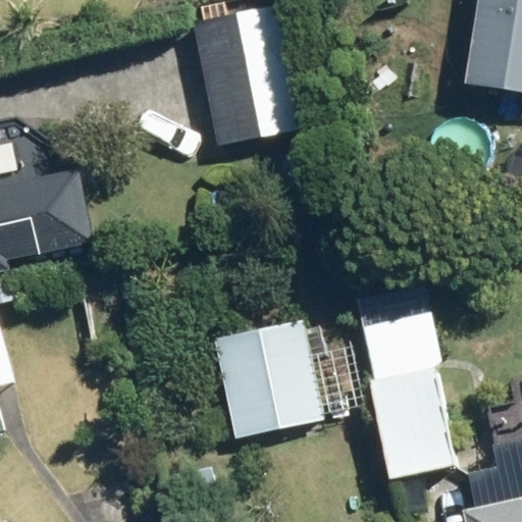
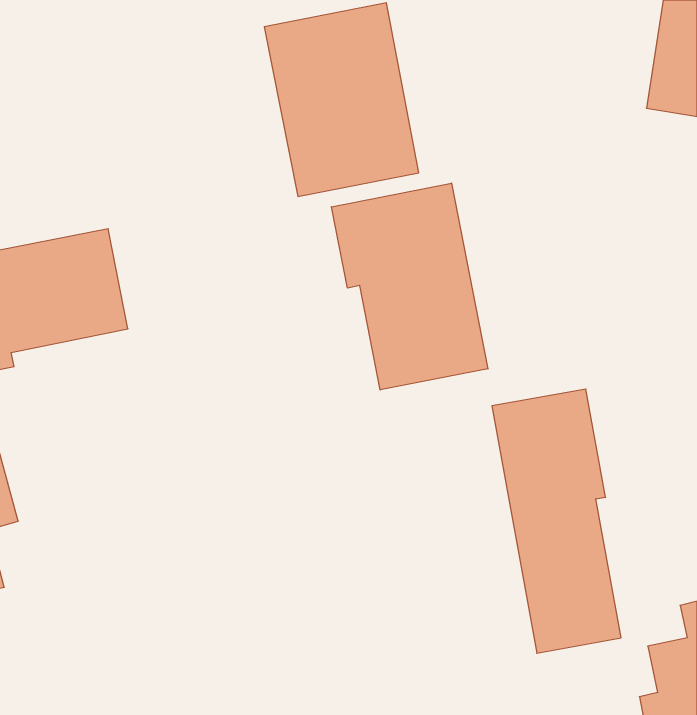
building: none -> [331,183,488,390]
building: [217,322,348,435] -> none

